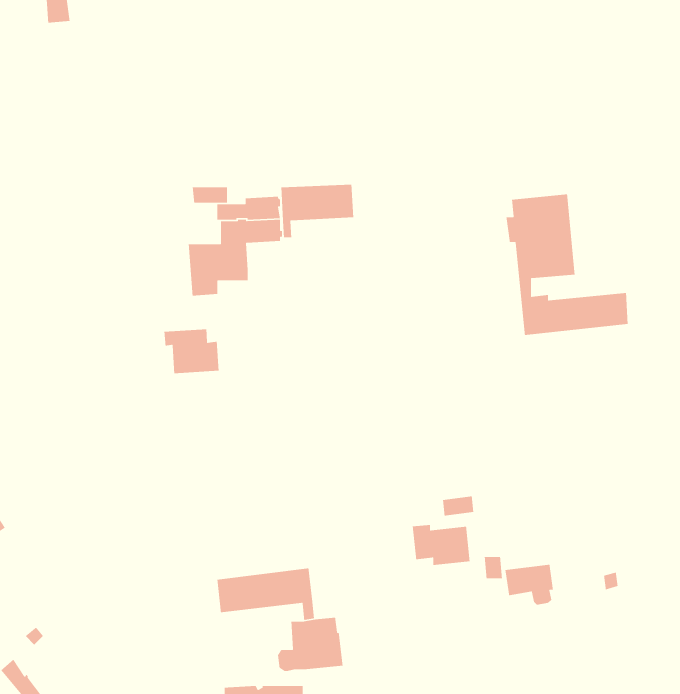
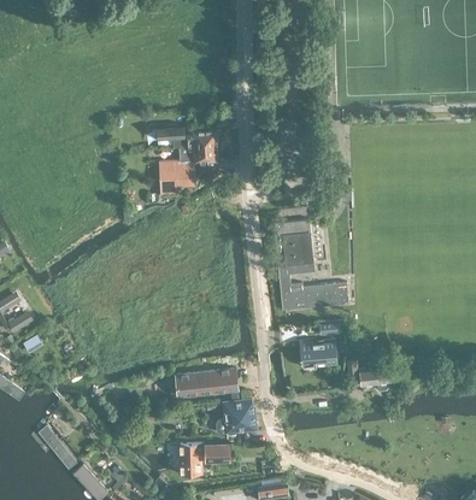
building: [280,184,354,238] -> none
building: [505,194,629,336] -> [270,219,348,310]
building: [164,328,220,374] -> none

